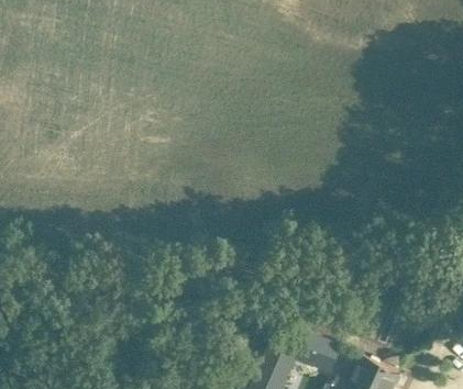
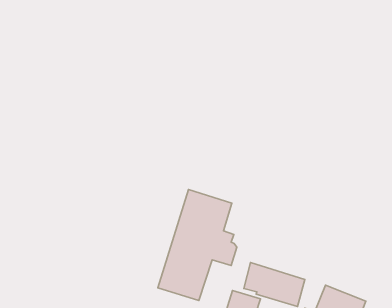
building: none -> [158,190,237,301]

